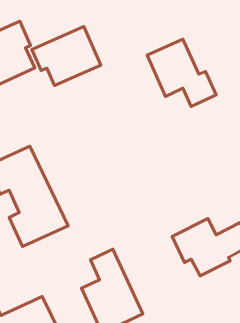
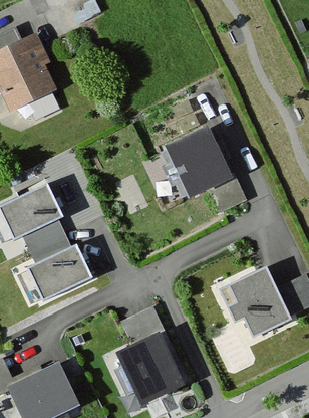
building: [32,27,101,85] -> none
building: [147,39,216,107] -> [166,131,249,212]

